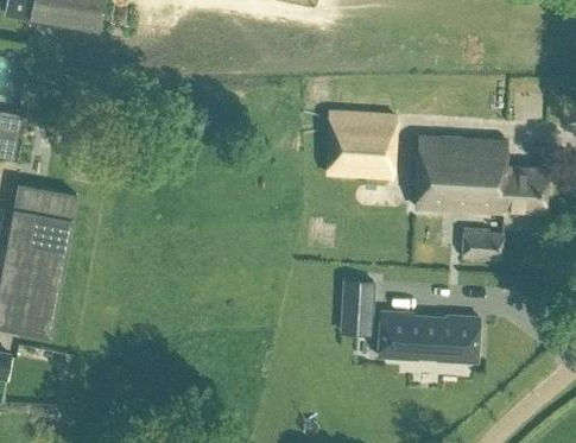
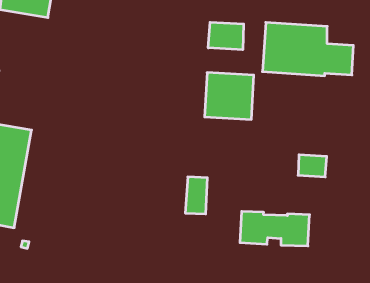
building: none -> [208,22,244,50]
building: [413,134,545,211] -> [262,22,353,76]
building: [340,280,372,334] -> [185,177,207,214]

